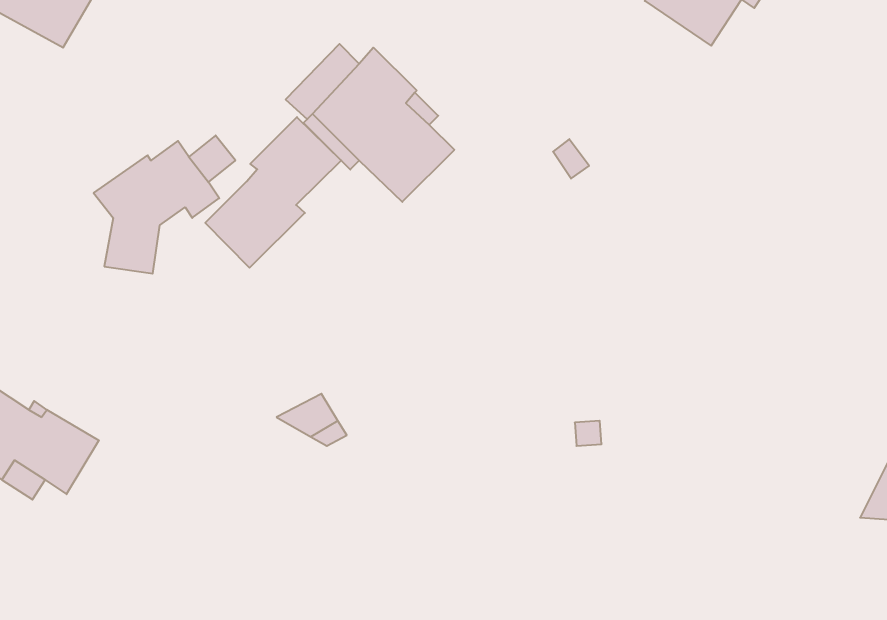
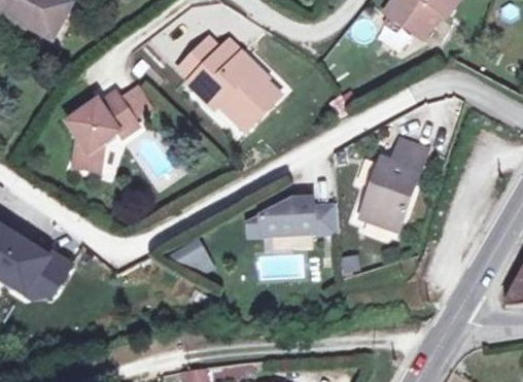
building: [205,117,341,268] -> none
building: none -> [363,138,428,227]
building: none -> [260,199,337,234]

